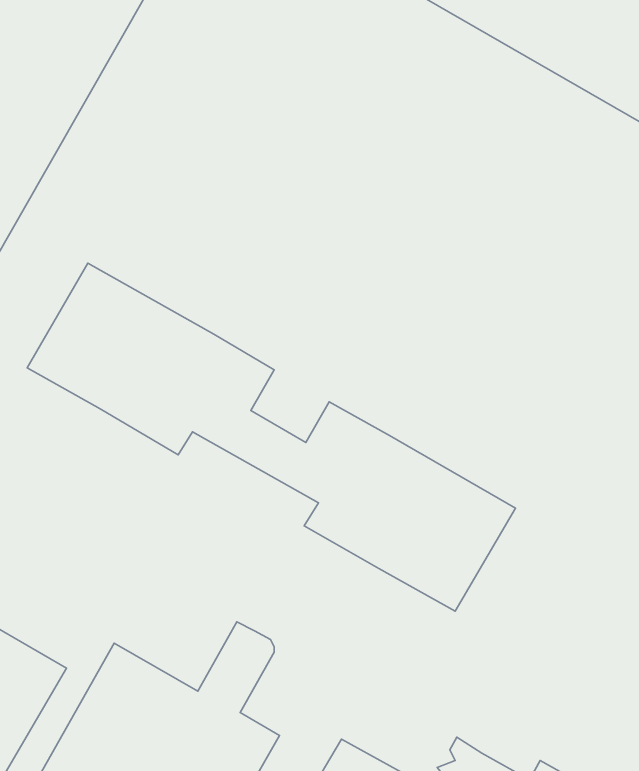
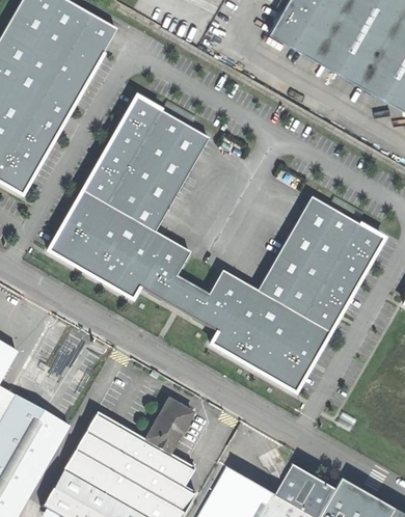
building: none -> [81,94,209,230]
building: none -> [258,196,385,332]

